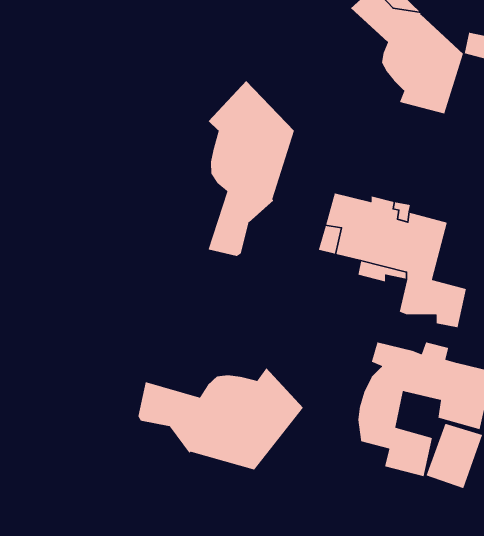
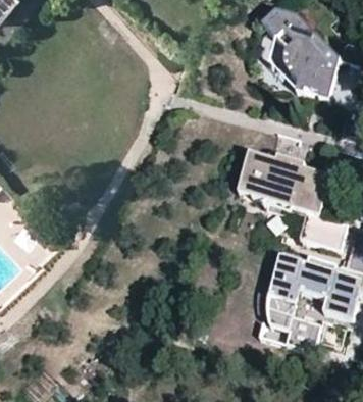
building: [207,80,295,257] -> none
building: [138,367,304,471] -> none

